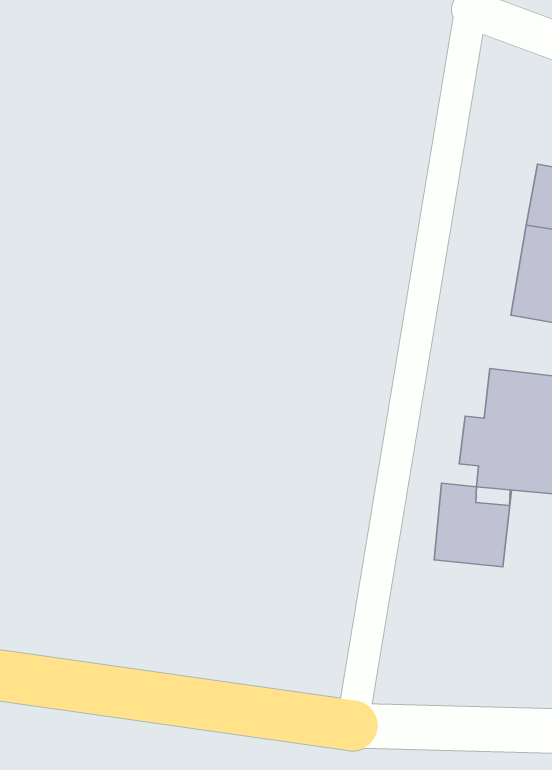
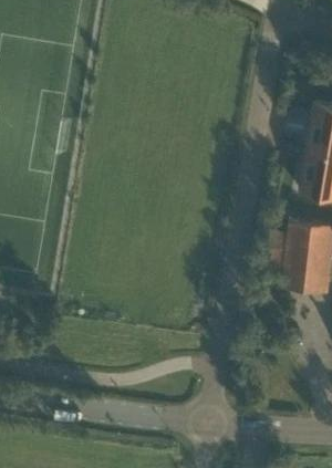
building: [434,483,512,567] -> none

